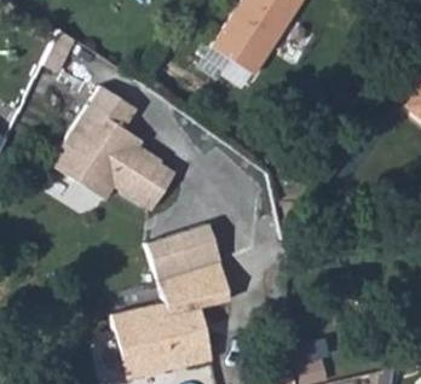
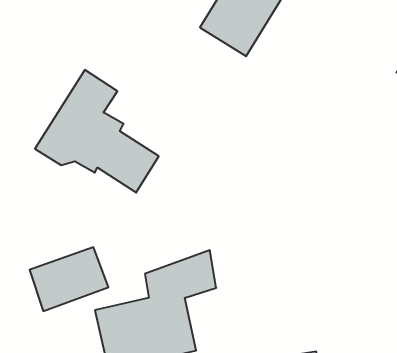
building: [144,225,220,286] -> [30,247,108,311]

